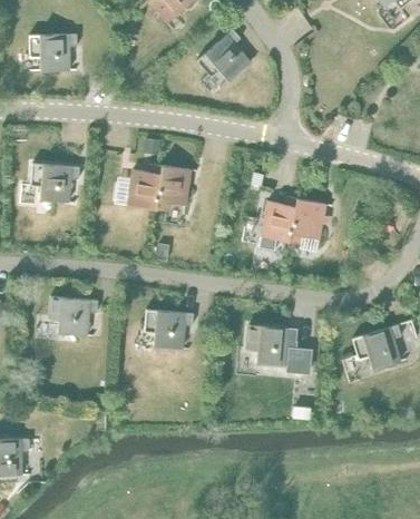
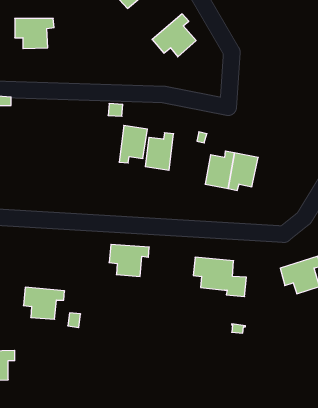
building: [31,163,80,203] -> none
building: [128,164,163,209] -> [145,133,174,170]
building: [49,296,99,335] -> [23,287,65,319]

